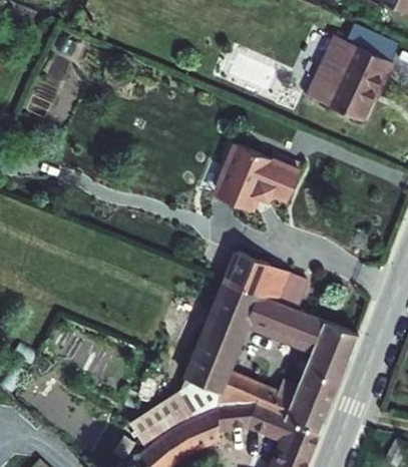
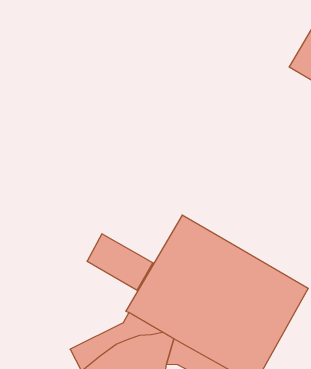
building: [215,145,298,212] -> none
building: [226,244,291,295] -> [87,234,153,290]

